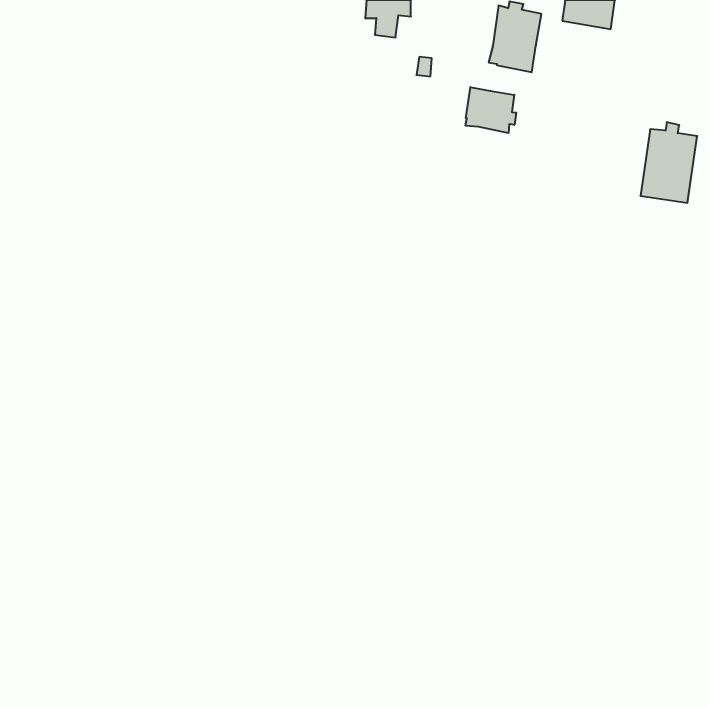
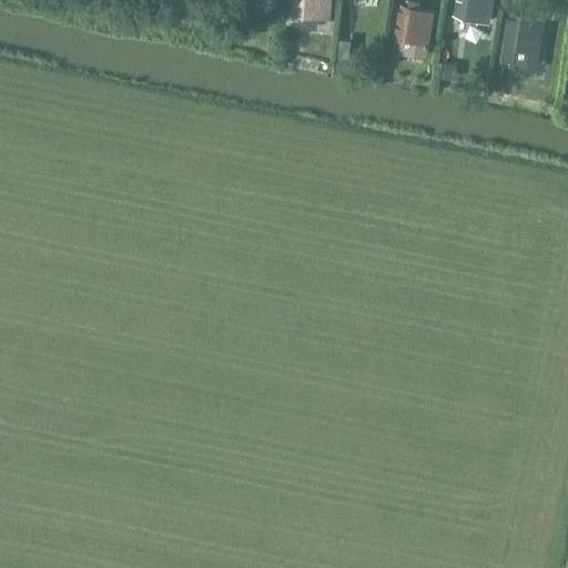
building: [466,87,516,133] -> none
building: [640,122,697,203] -> [499,9,545,73]

